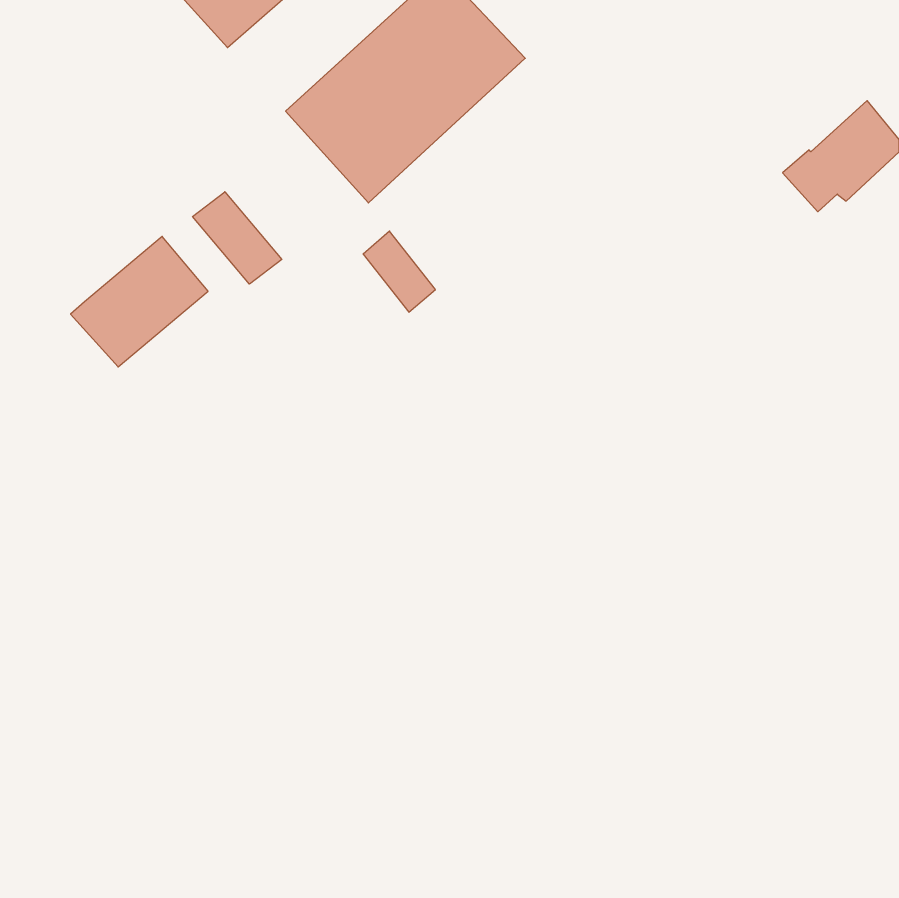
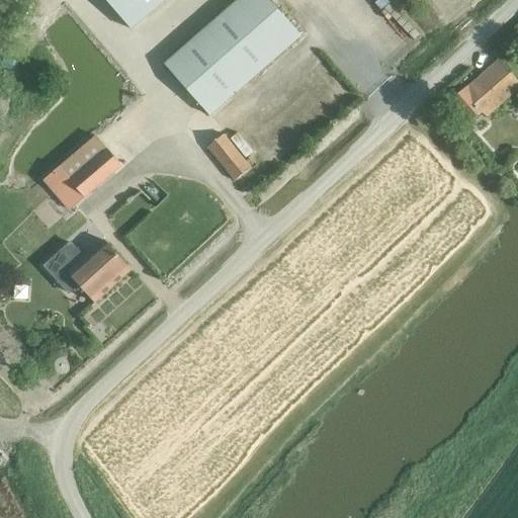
building: [193,192,282,284] -> none
building: none -> [42,239,131,301]

